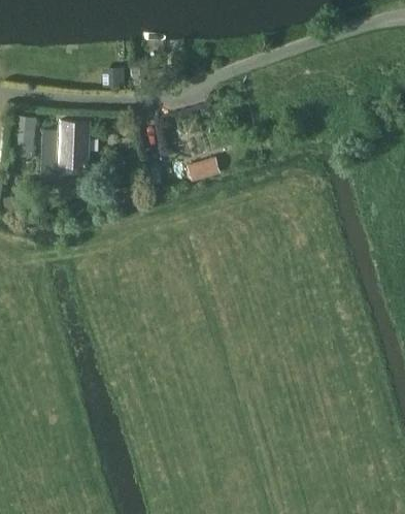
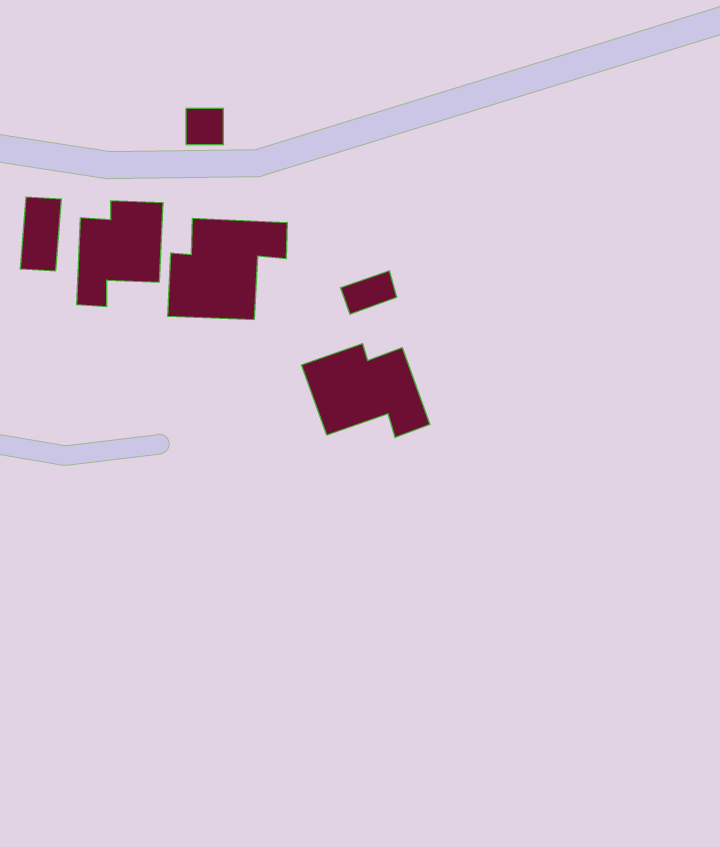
building: none -> [168,218,287,320]
building: none -> [301,344,430,438]

